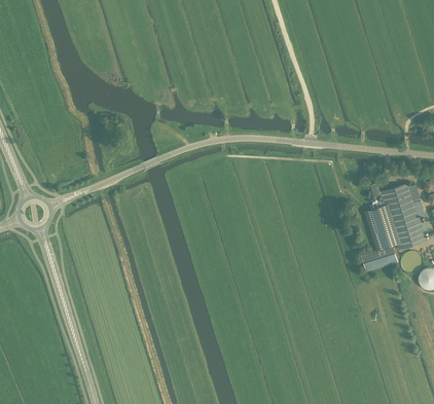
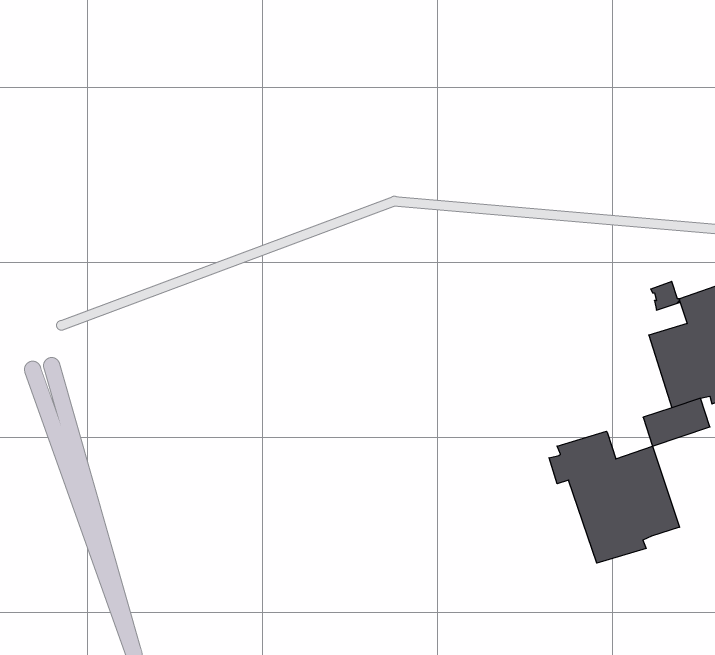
building: none -> [549,431,680,563]

